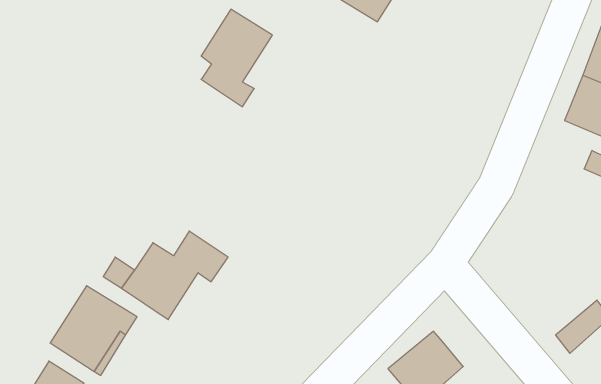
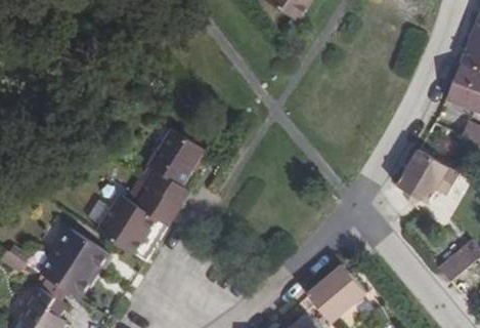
building: [201,9,272,107] -> [147,128,204,205]
building: none -> [396,149,459,203]

